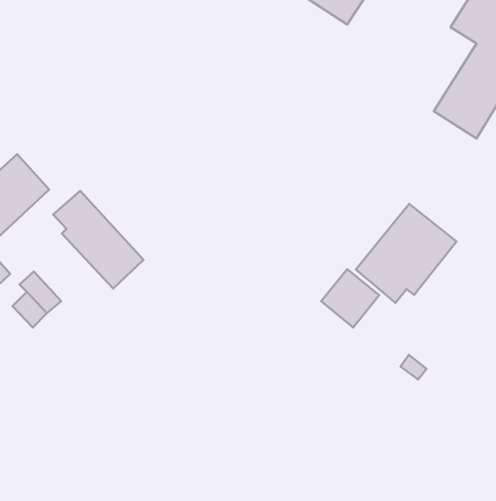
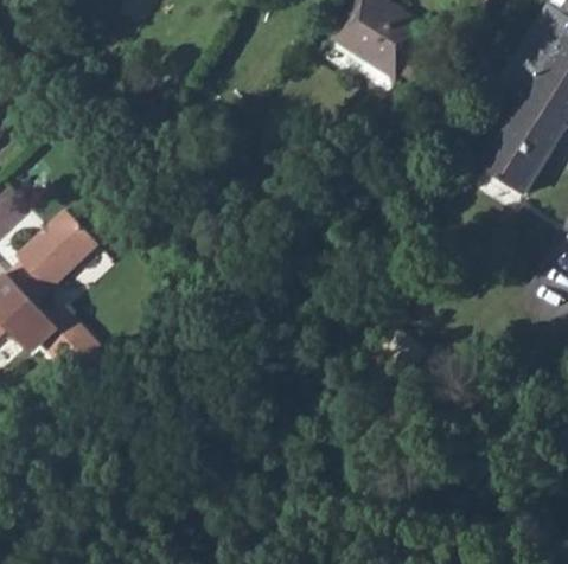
building: [53,191,143,289] -> none
building: [356,204,456,303] -> none

